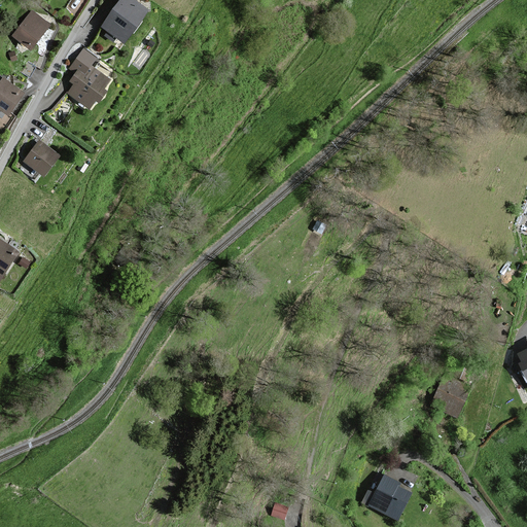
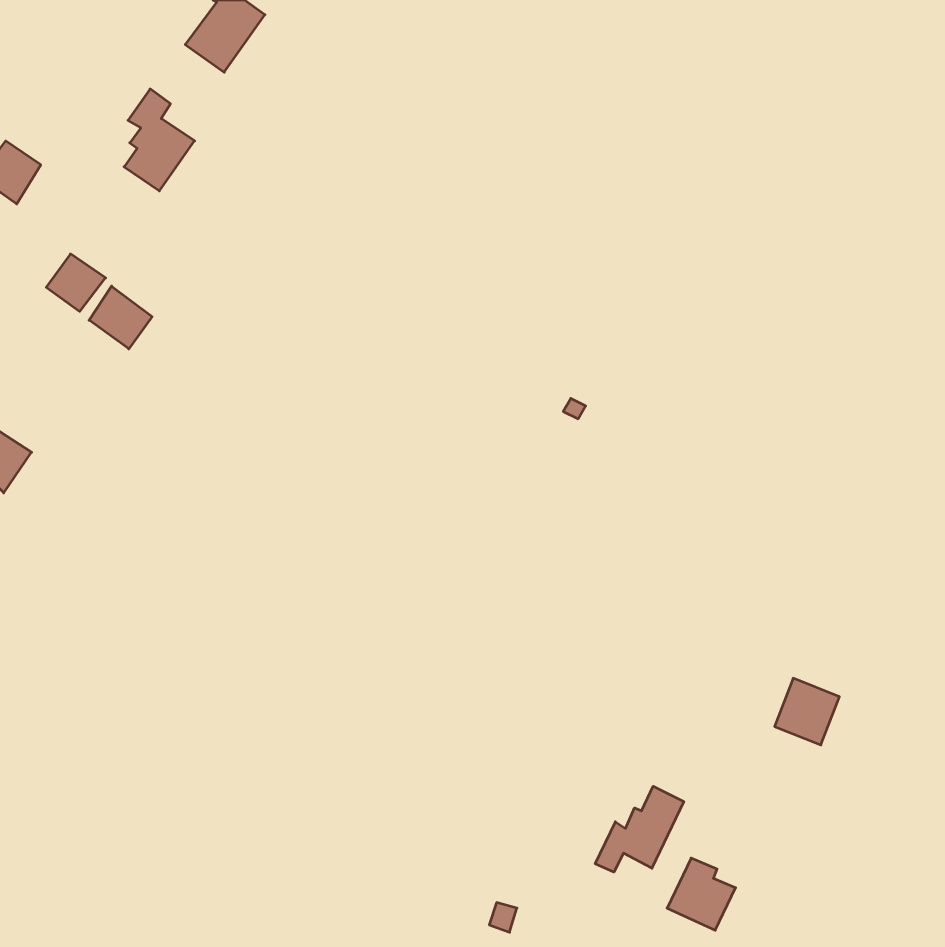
building: [14,11,48,47] -> none
building: none -> [89,286,152,349]
building: none -> [595,786,684,872]

